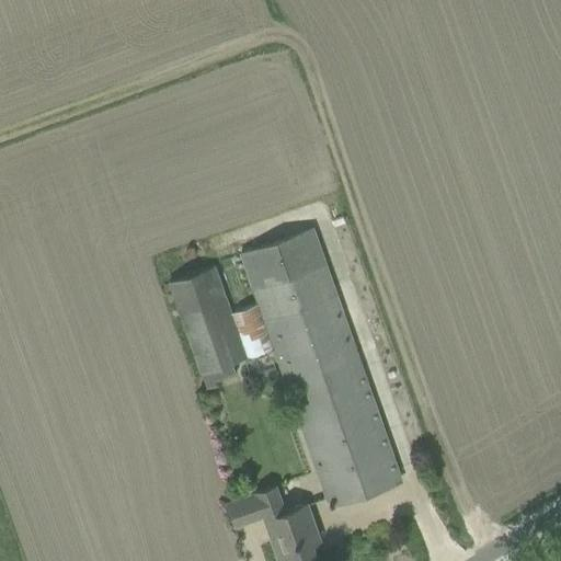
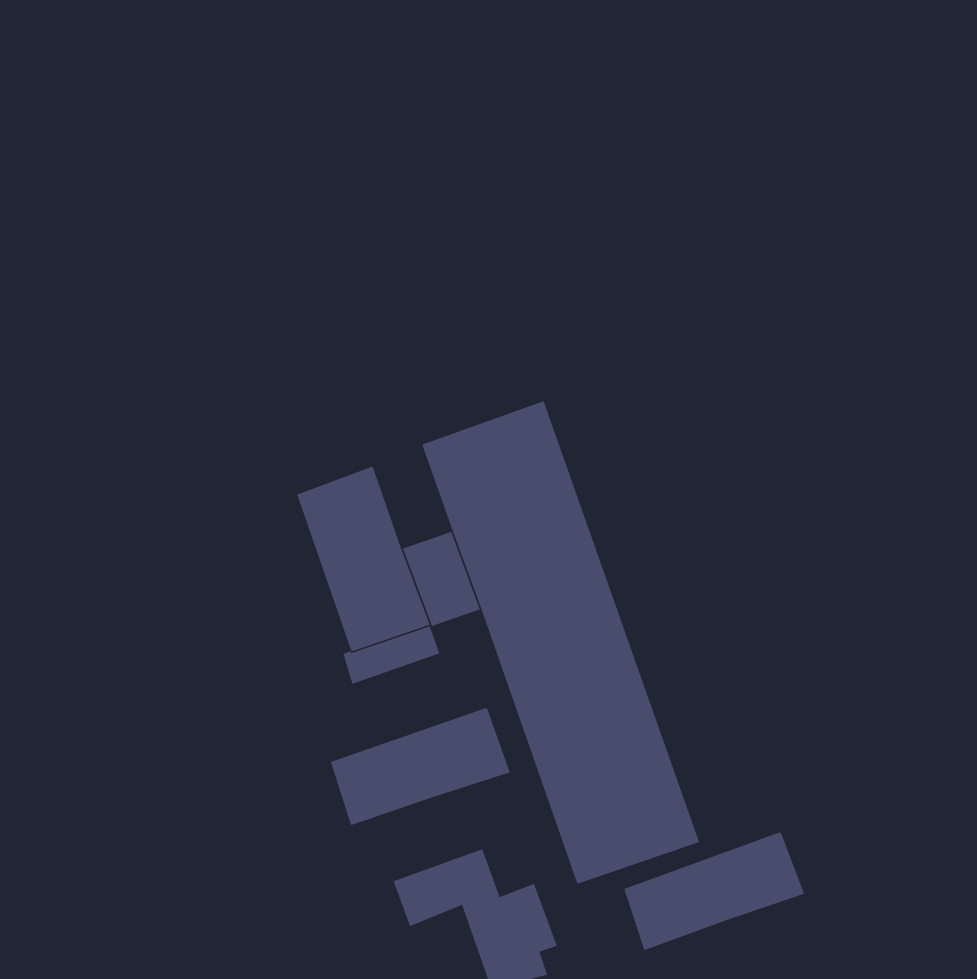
building: none -> [330,708,511,826]
building: none -> [623,832,805,951]

